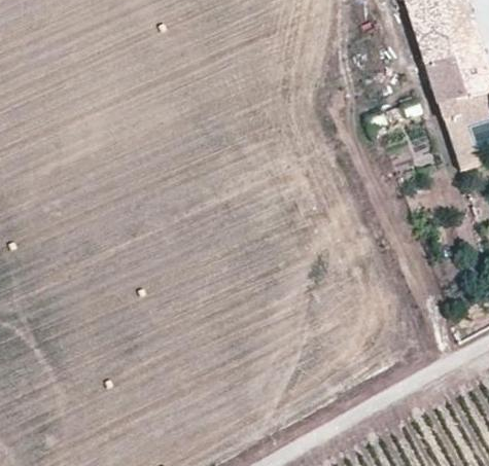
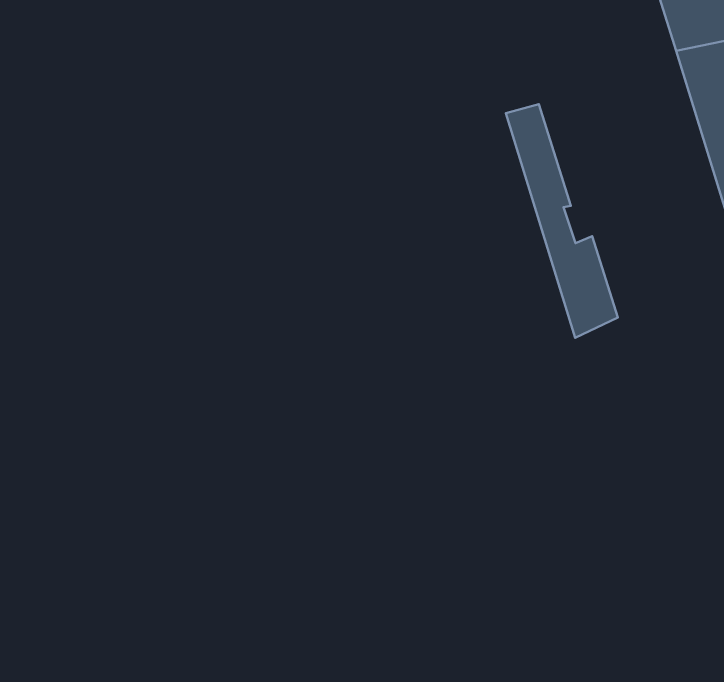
building: none -> [506,104,618,338]

